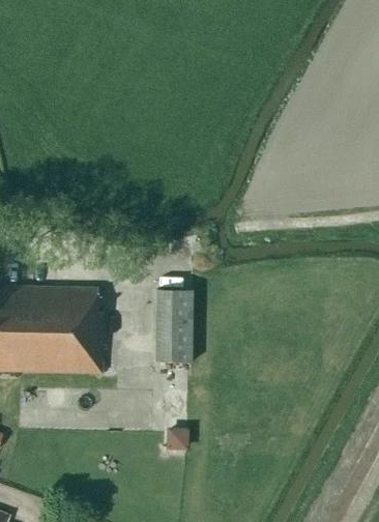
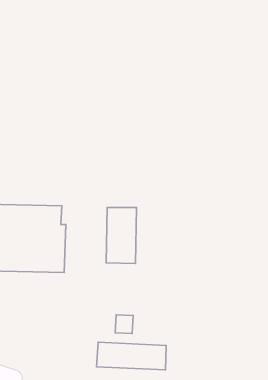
building: none -> [96,342,166,370]

